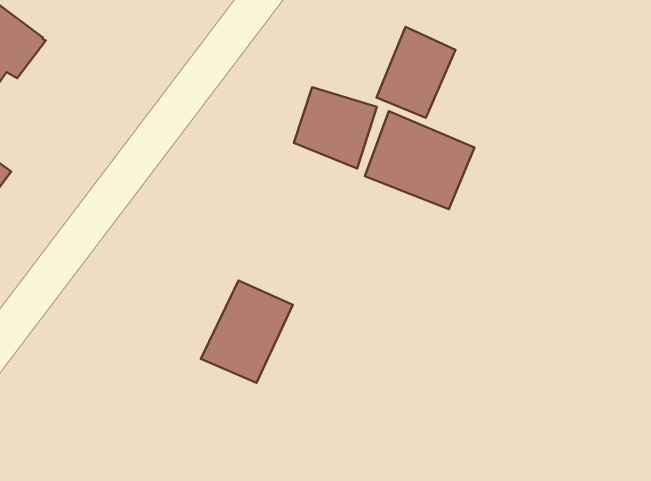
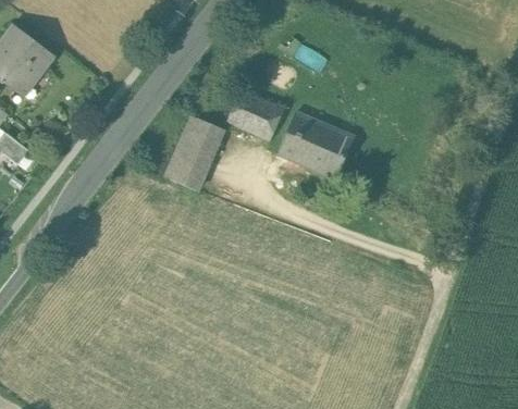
building: [376,27,455,118] -> none
building: [201,281,293,383] -> [161,113,227,187]

